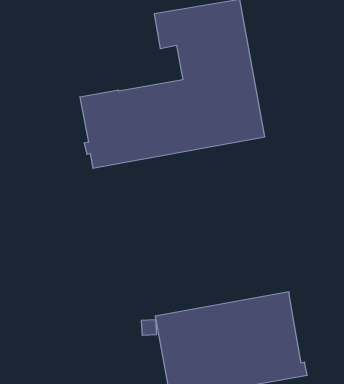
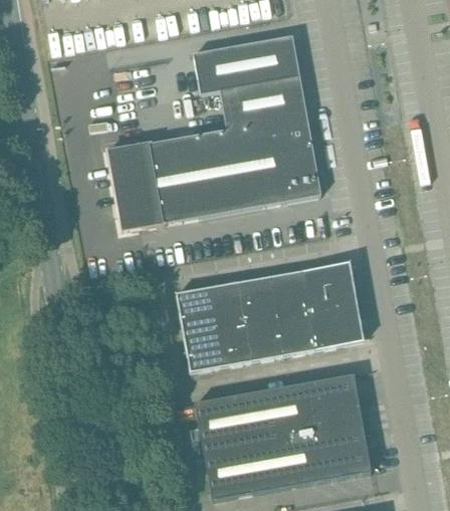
building: none -> [177,262,365,371]

